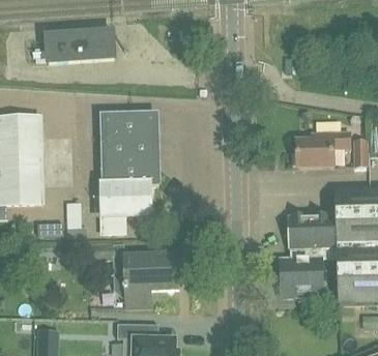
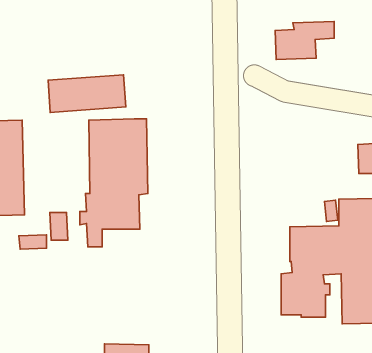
building: [43,29,116,64] -> [48,75,126,113]
building: [296,131,351,167] -> [275,22,334,59]
building: [87,240,177,308] -> none

